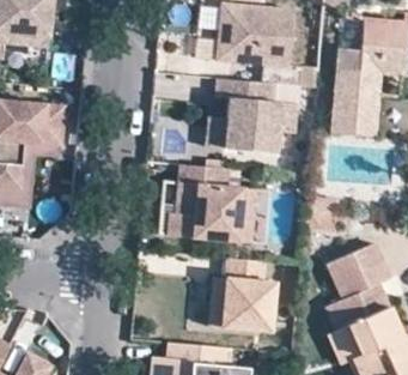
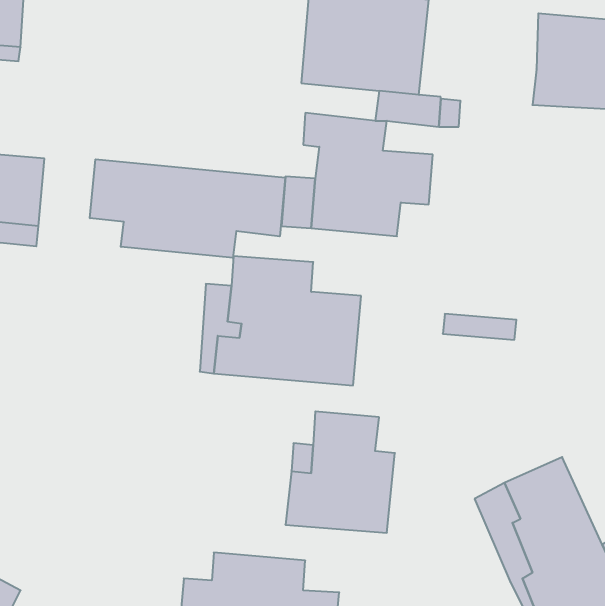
building: [331,50,379,139] -> none
building: none -> [90,159,285,258]
building: [324,244,386,301] -> none

